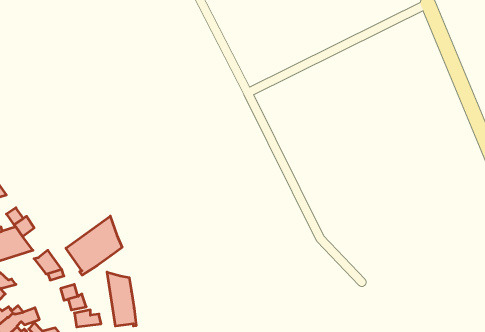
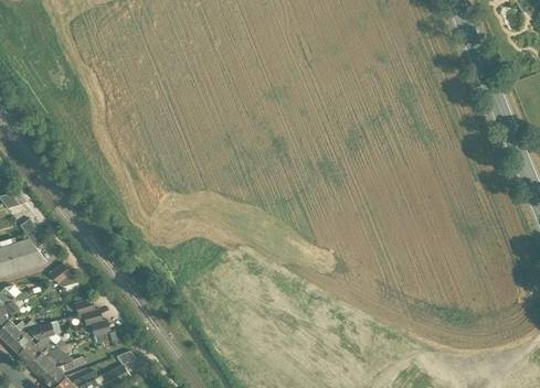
building: [66,216,122,275] -> none
building: [107,272,136,326] -> none

